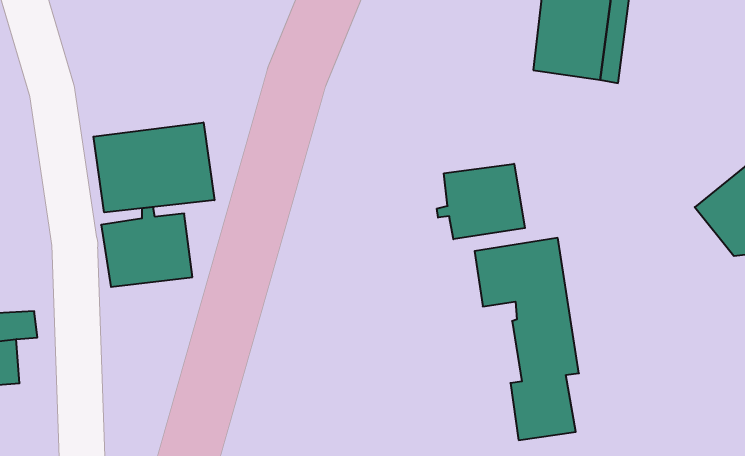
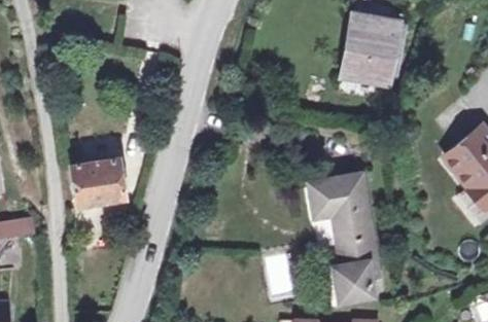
building: [93,122,214,212] -> none
building: [437,164,525,239] -> none

